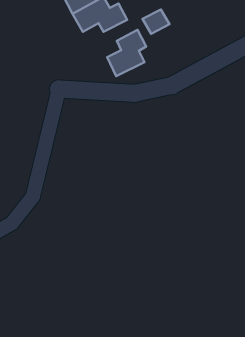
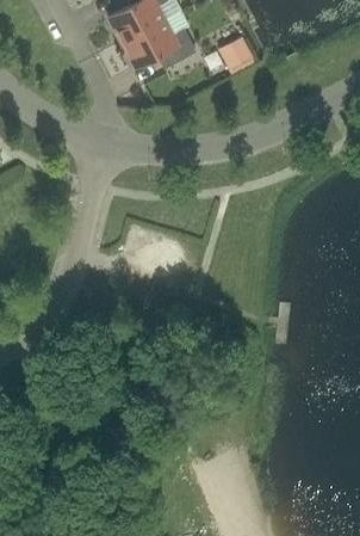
building: [107,30,146,76] -> none

